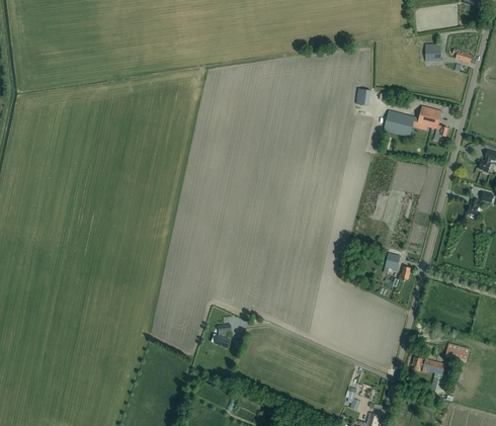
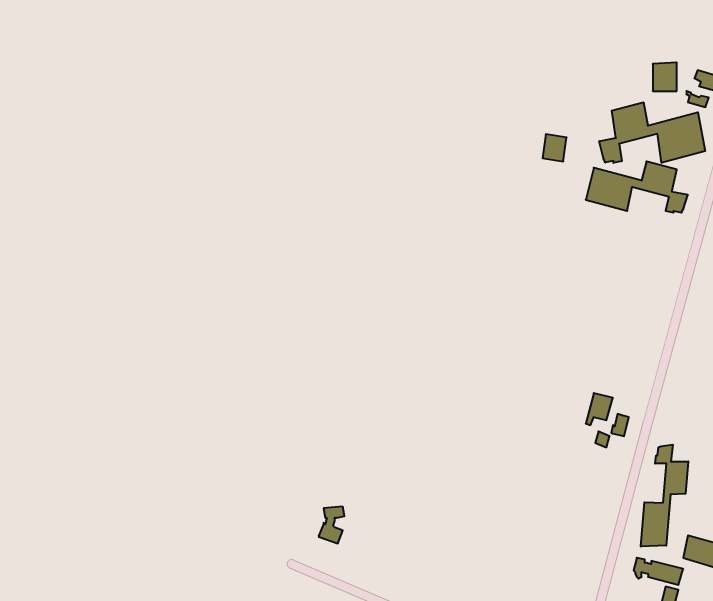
building: none -> [599,102,705,163]
building: none -> [641,445,688,547]

